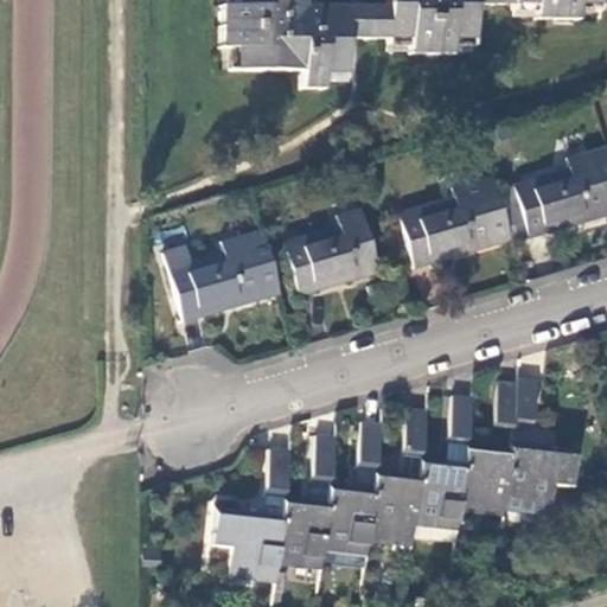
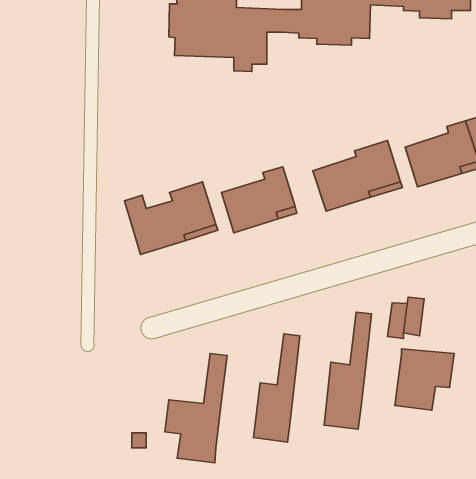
building: [371,405,429,543] -> none
building: [279,432,339,568] -> none
building: [461,441,512,517] -> none

